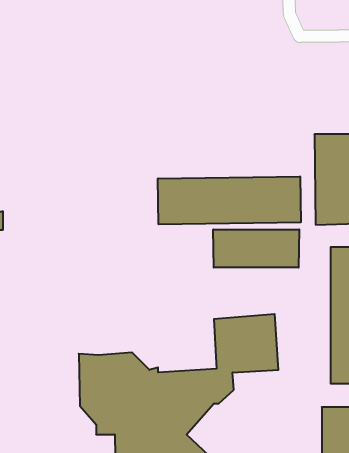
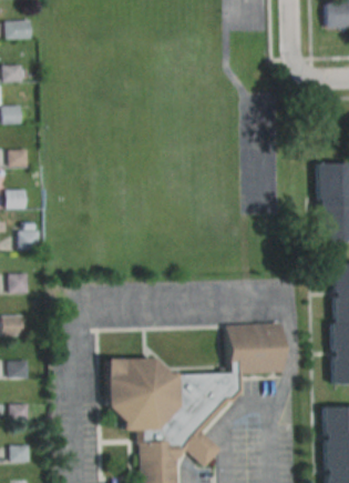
building: [158,176,301,224] -> none
building: [213,229,299,268] -> none

